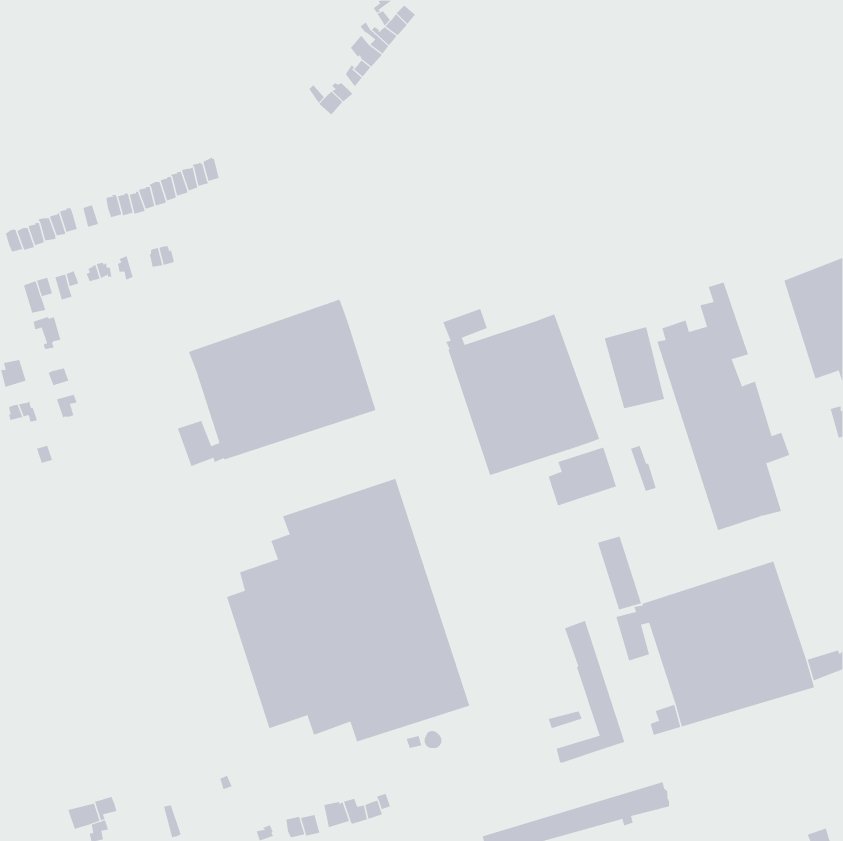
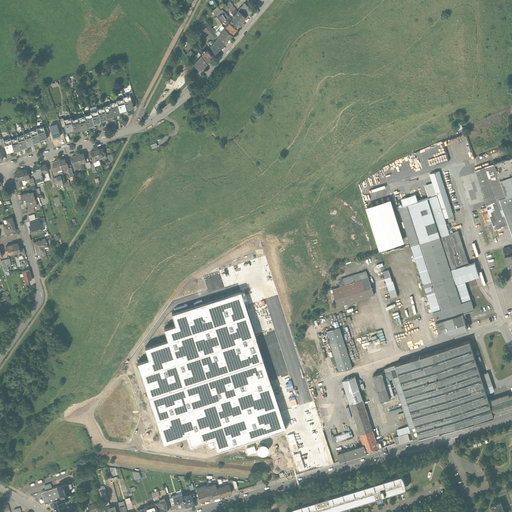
building: [177,299,376,467] -> none
building: [443,308,600,476] -> none
building: none -> [435,314,467,340]
building: [597,536,642,610] -> [326,328,353,373]

